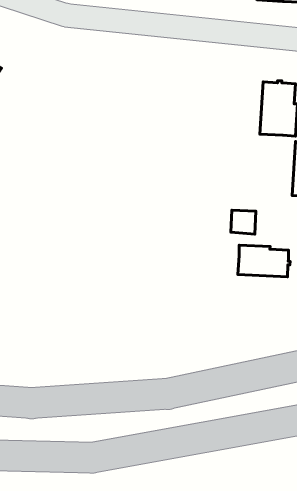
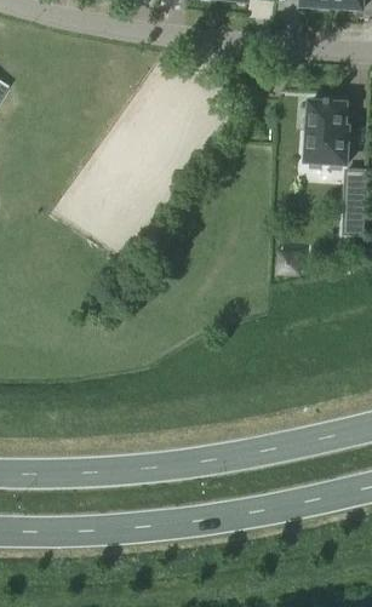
building: [238,245,290,277] -> none

